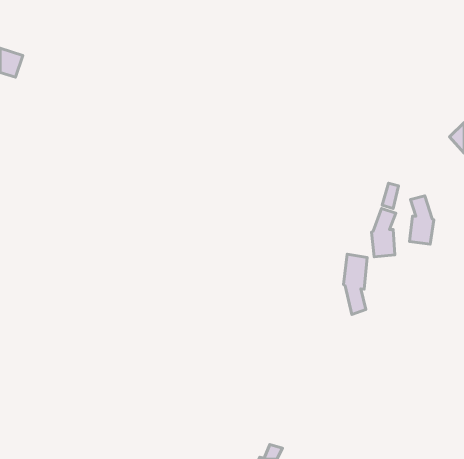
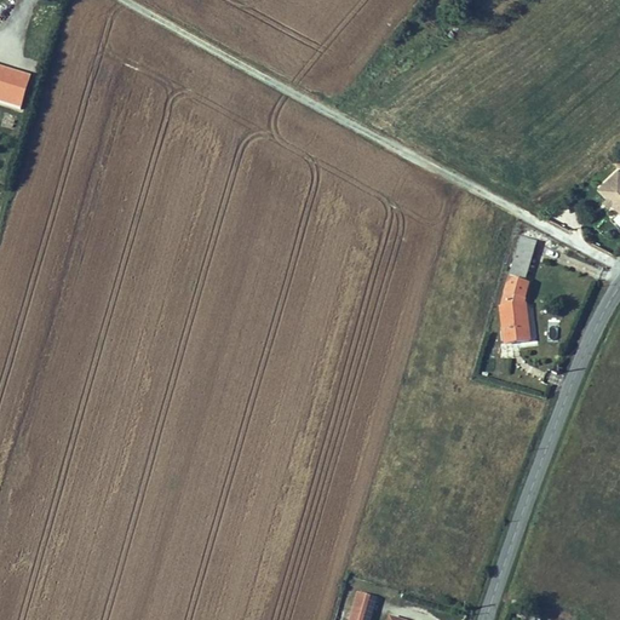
building: [409,196,434,244] -> none
building: [343,254,367,315] -> none

